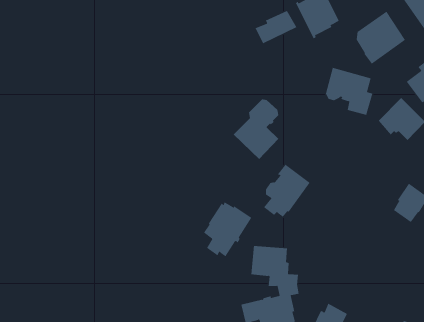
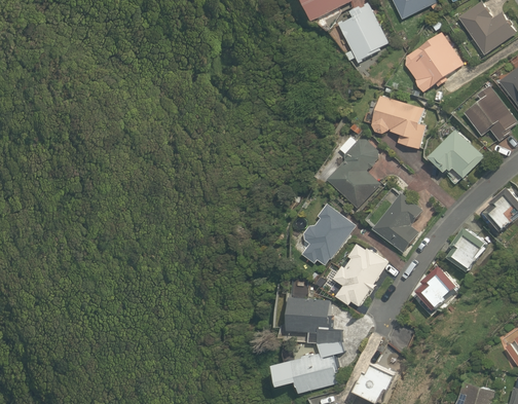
building: [255,10,297,44] -> none
building: [233,99,279,160] -> [326,139,378,208]
building: none -> [372,192,422,253]
building: [203,202,252,257] -> [332,244,387,306]
building: none -> [418,265,459,309]

